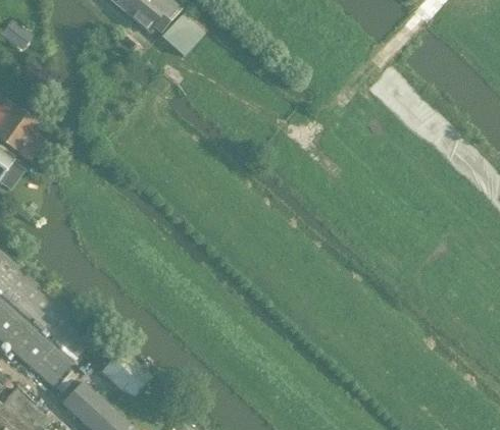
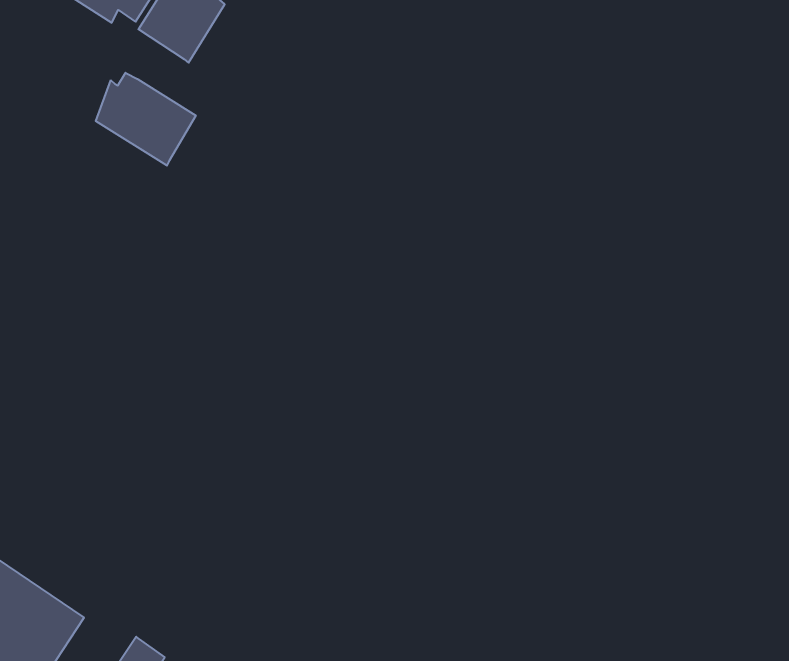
building: none -> [96,73,196,166]

